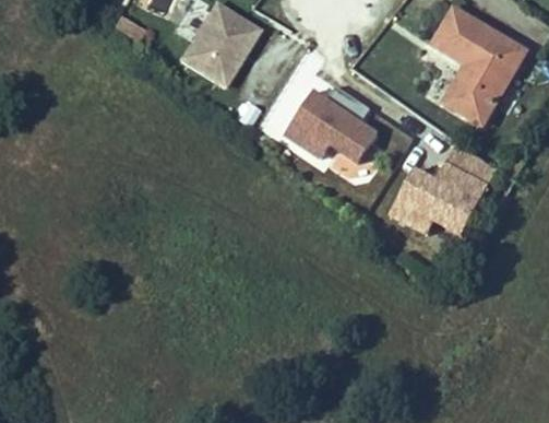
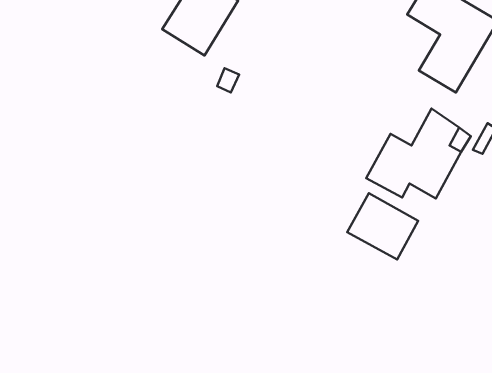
building: [284,85,377,162] -> none
building: none -> [347,193,418,259]

